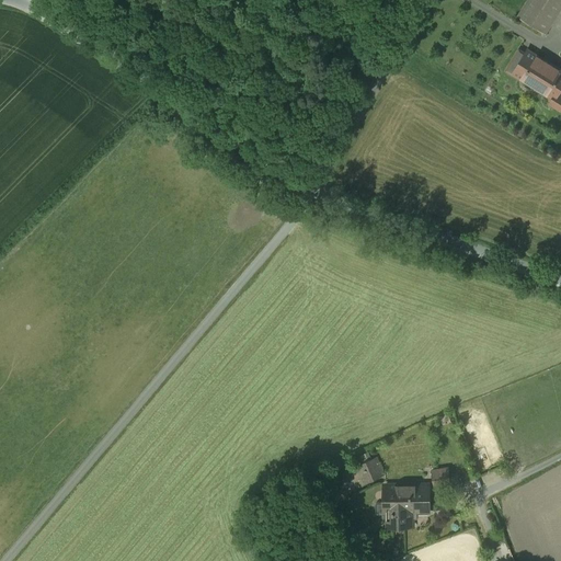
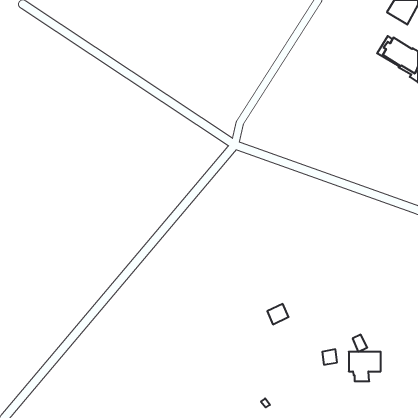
building: [356,457,385,484] -> [267,304,289,324]
building: [386,485,428,525] -> [349,352,381,381]

